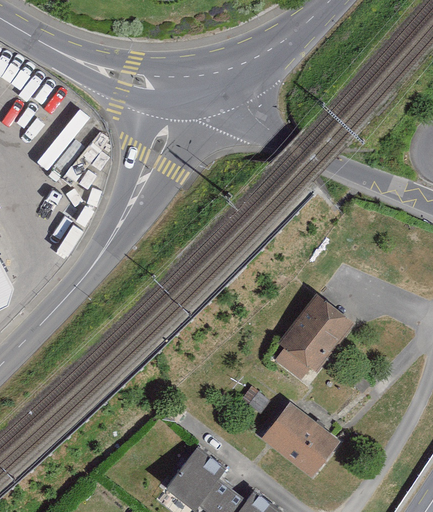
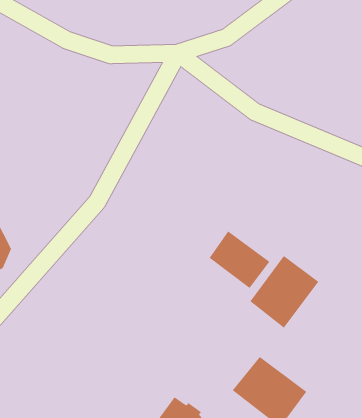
building: none -> [209,230,270,289]

